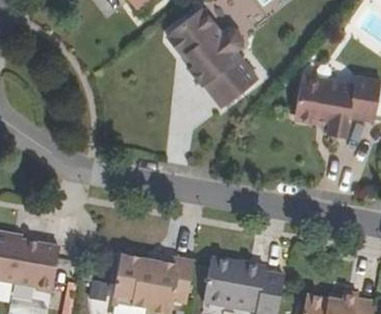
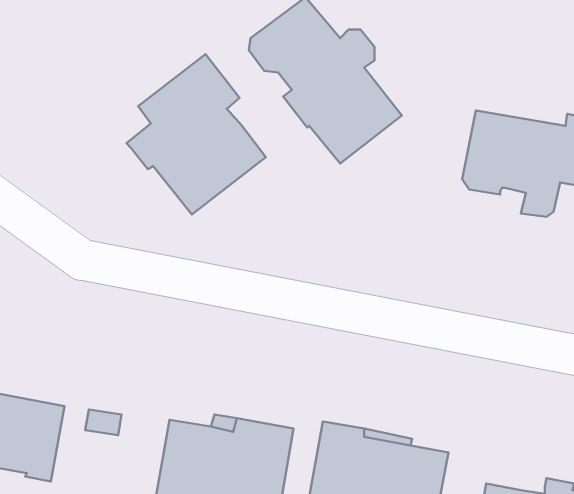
building: none -> [127,54,266,214]

